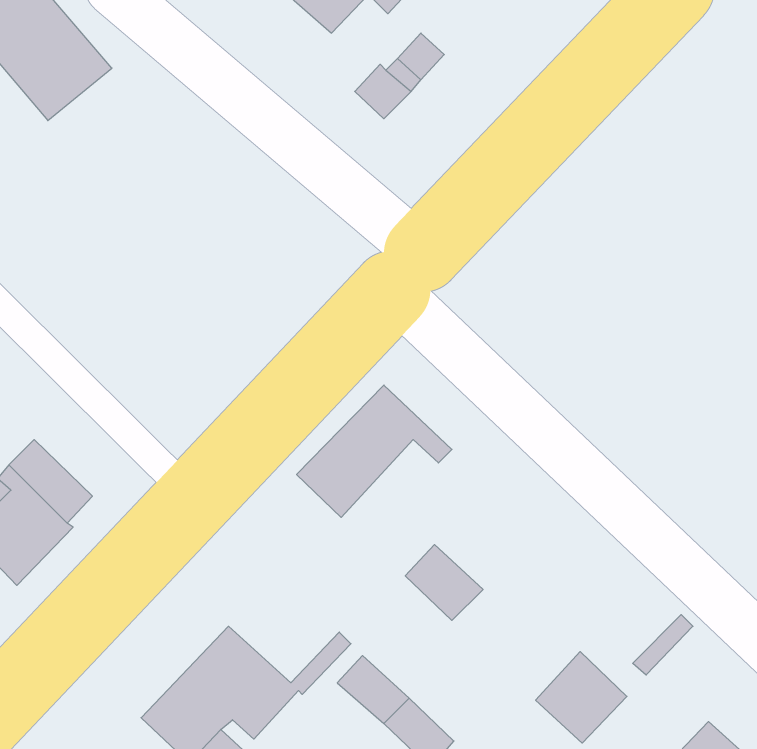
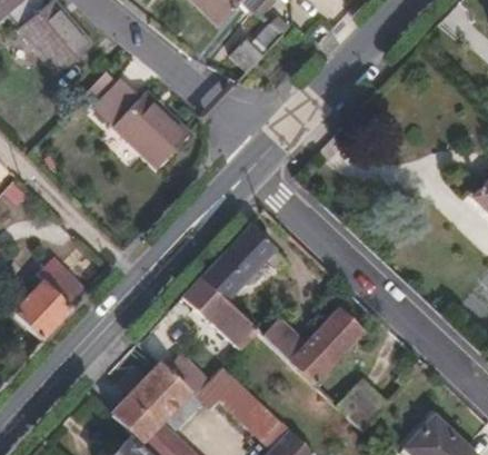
building: none -> [96,77,192,169]
building: none -> [182,277,258,350]
building: none -> [289,308,362,382]

